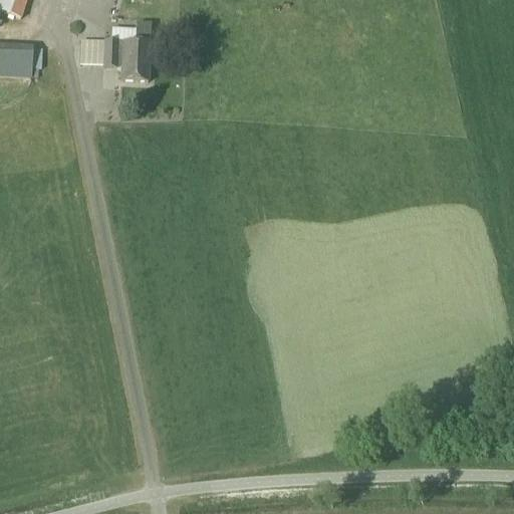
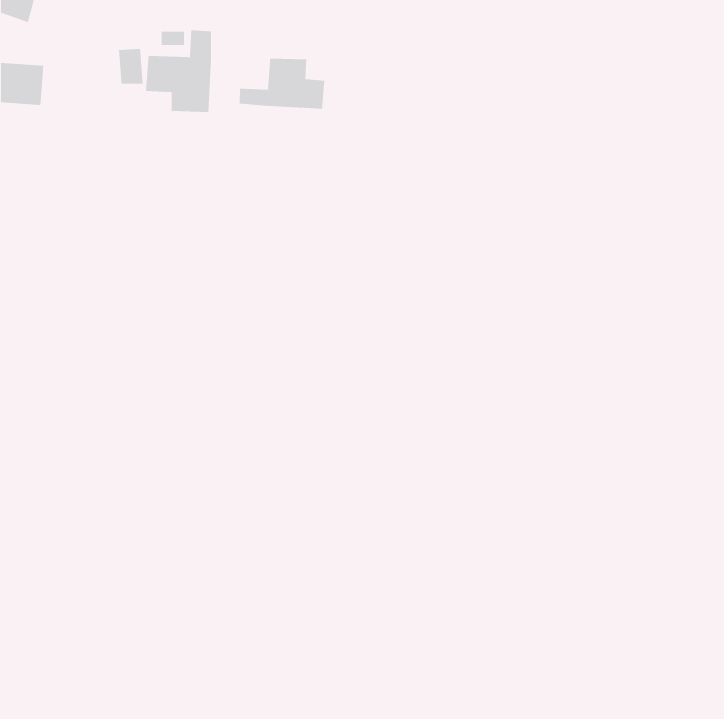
building: none -> [239,58,325,110]

